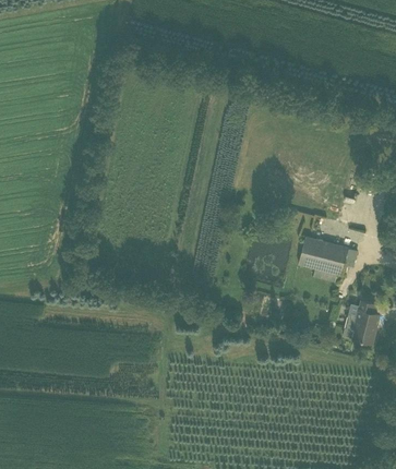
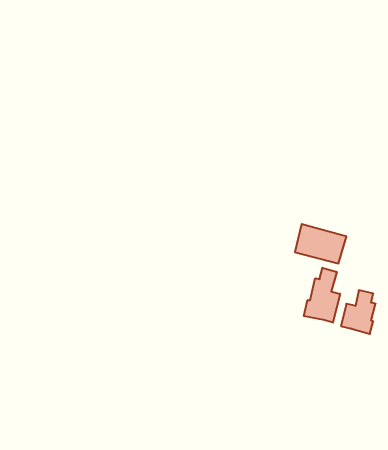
building: none -> [304,268,340,323]

